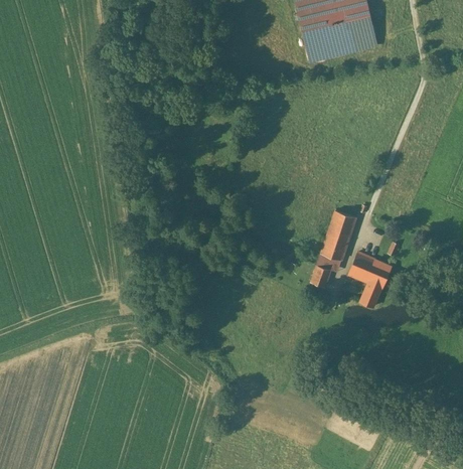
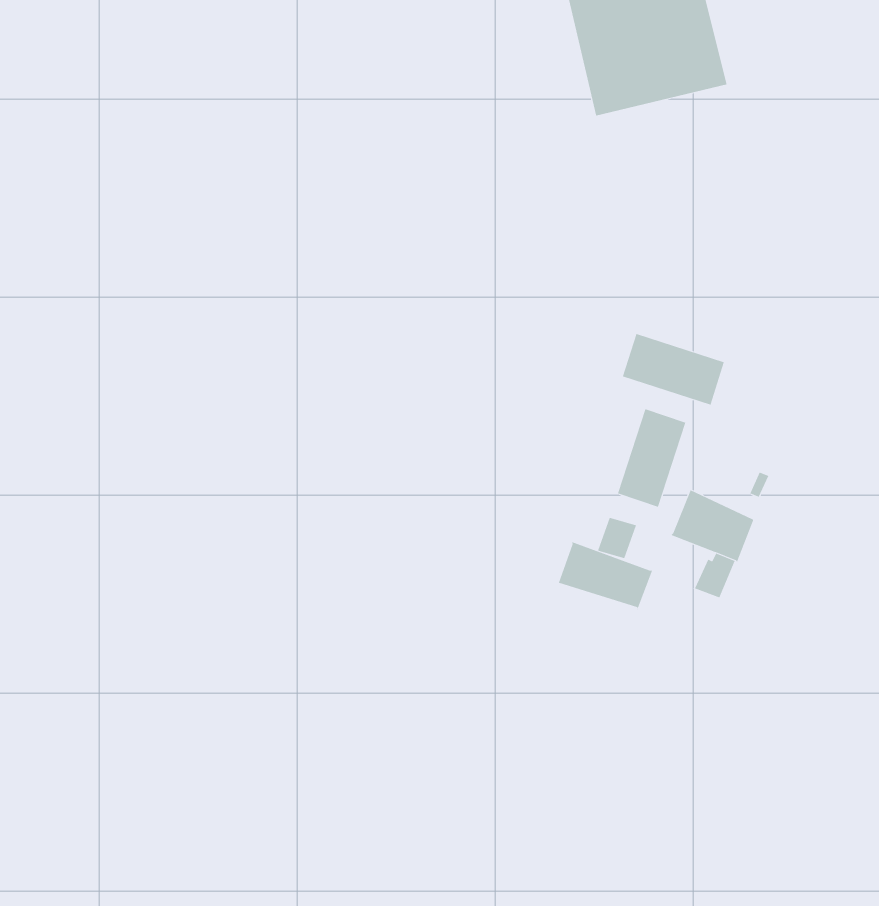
building: none -> [622,333,725,406]
building: none -> [558,541,653,610]

